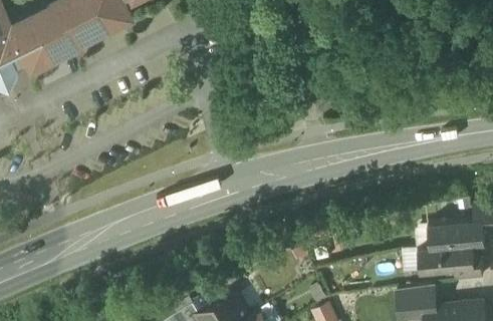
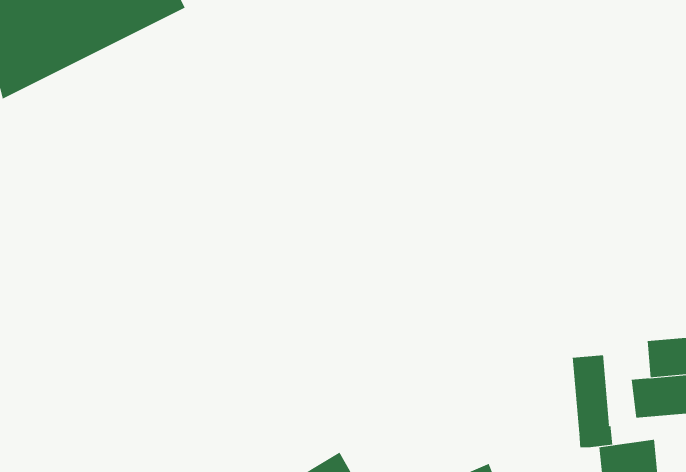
building: none -> [572,354,613,448]

